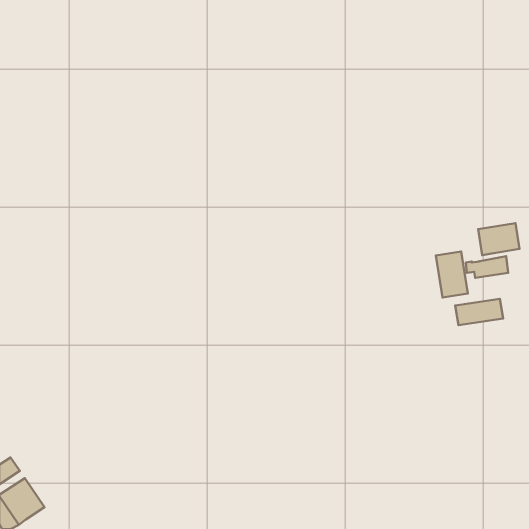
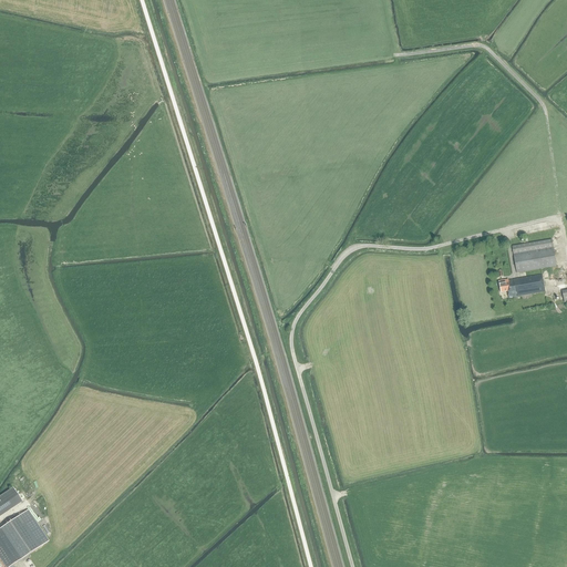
building: [436,251,468,297] -> none
building: [455,299,503,325] -> none

